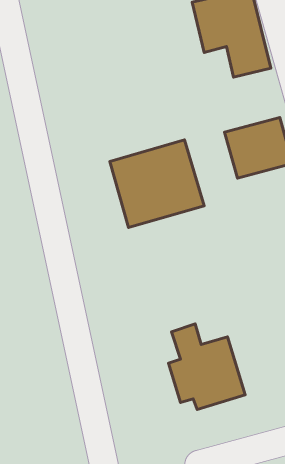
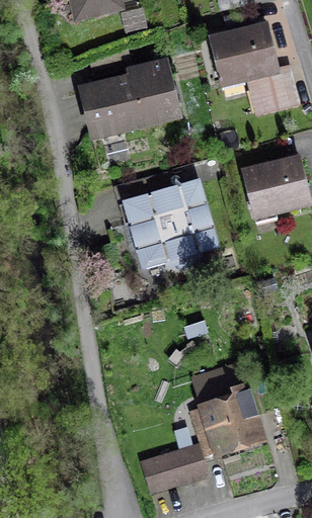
building: none -> [78,58,184,146]
building: none -> [137,443,203,489]

